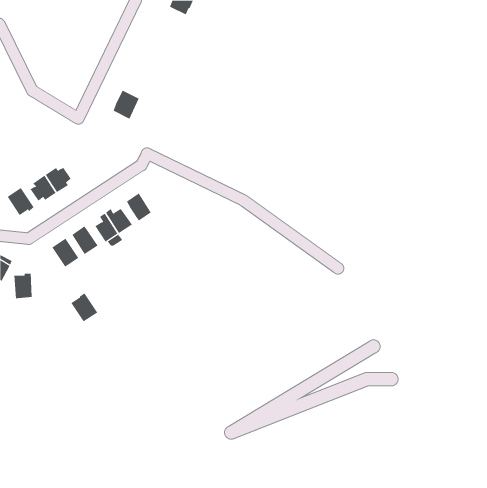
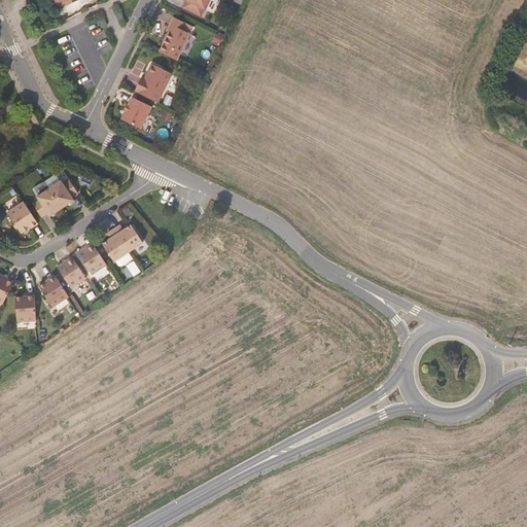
building: none -> [160,16,189,60]
building: none -> [134,64,172,102]
building: [126,193,152,221] -> none
building: [71,293,98,322] -> [38,275,68,307]

